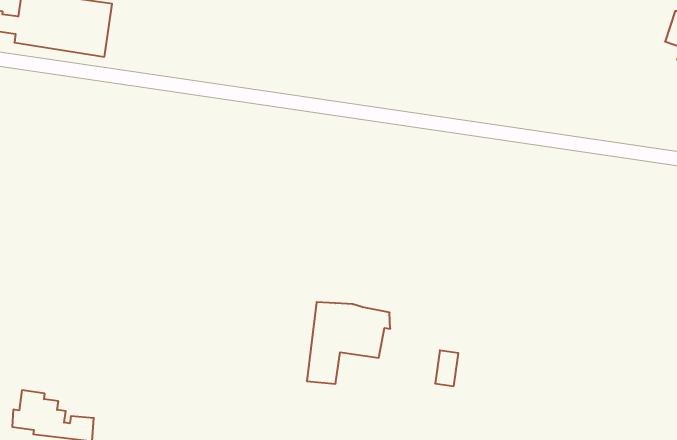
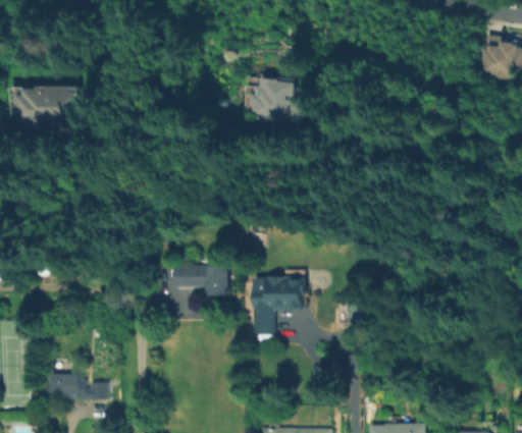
building: none -> [243,71,302,125]
building: none -> [176,266,229,296]

